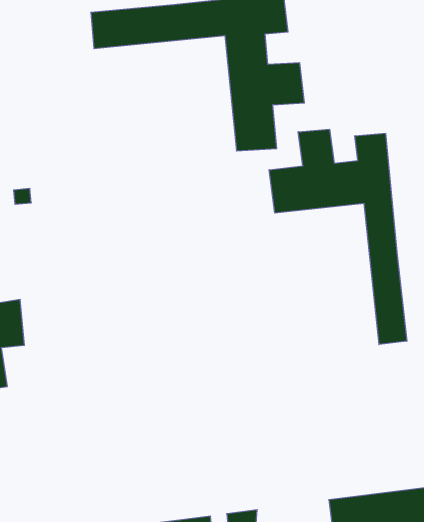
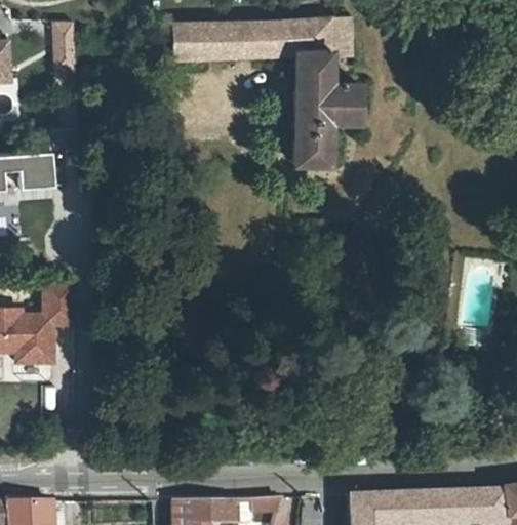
building: [269,129,407,345] -> none

